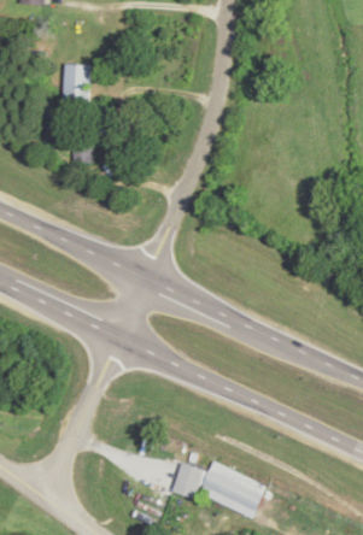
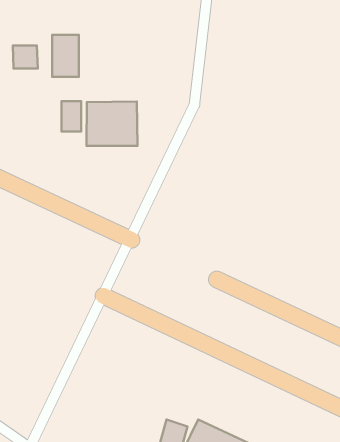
building: none -> [13,45,38,69]
building: none -> [86,102,138,146]

